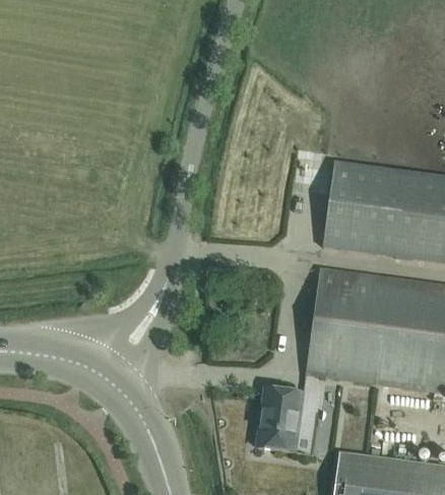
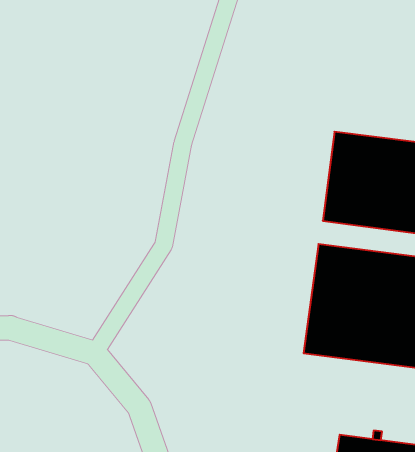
building: [257,388,304,452] -> none

